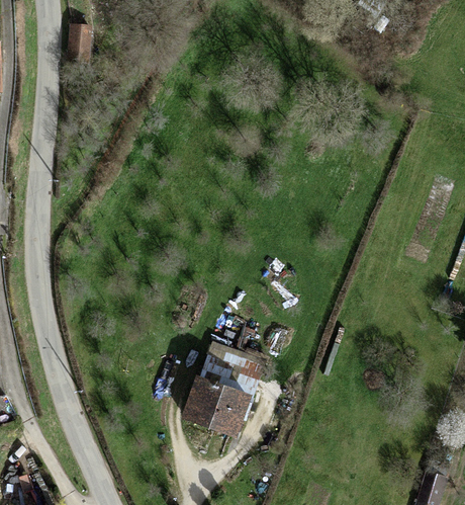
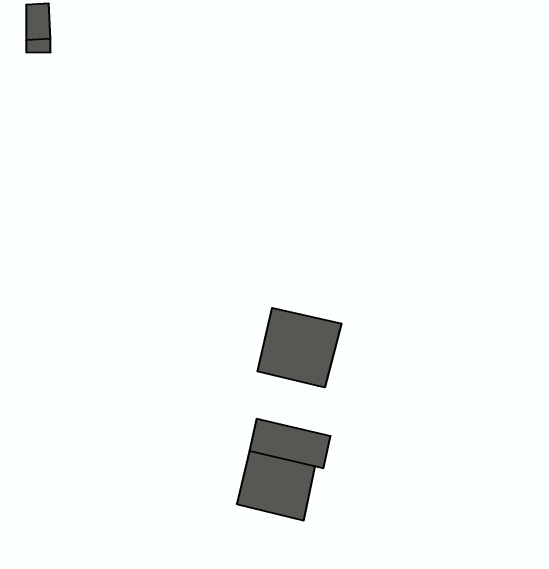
building: none -> [257,308,341,387]

